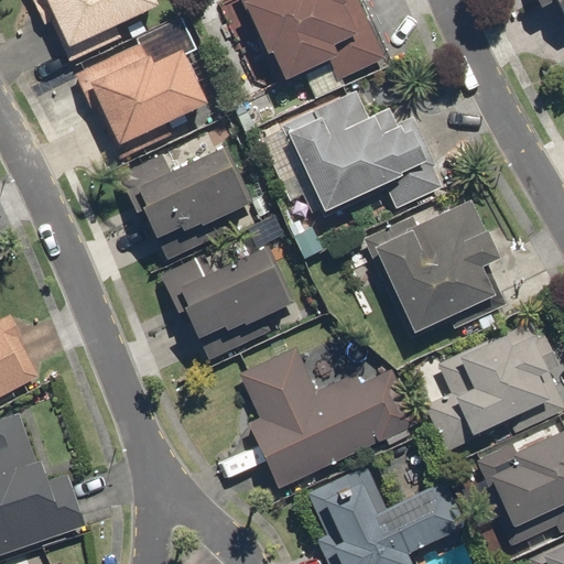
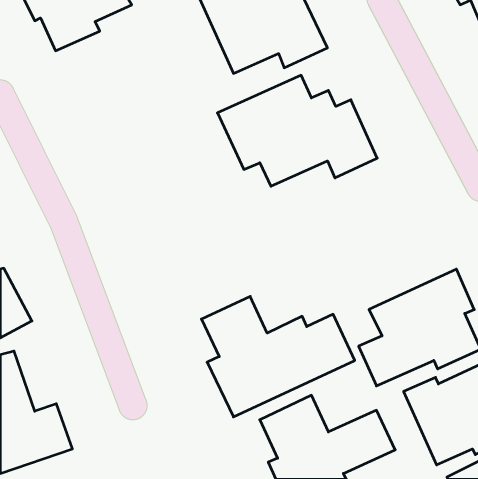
building: [74,43,206,160] -> none
building: [117,148,253,260] -> none
building: [361,197,514,340] -> none
building: [159,245,304,364] -> none

